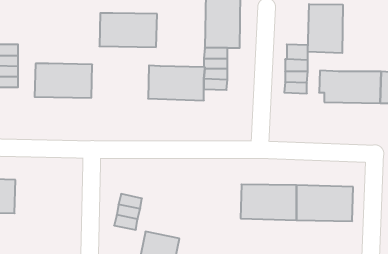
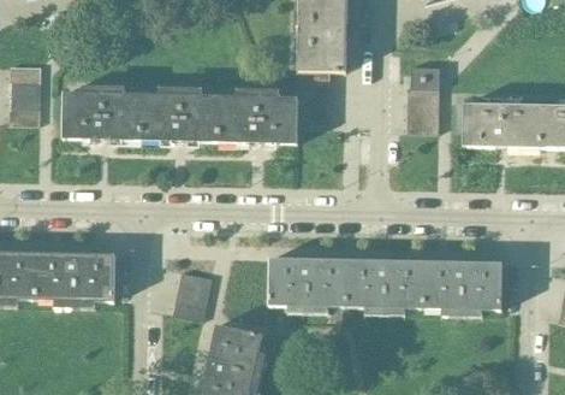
building: [308,4,343,53] -> none
building: [99,13,157,47] -> [141,94,220,141]
building: none -> [35,253,114,300]
building: none -> [268,258,347,306]

